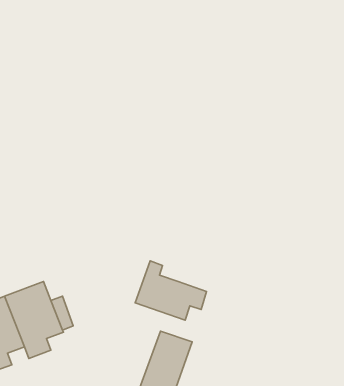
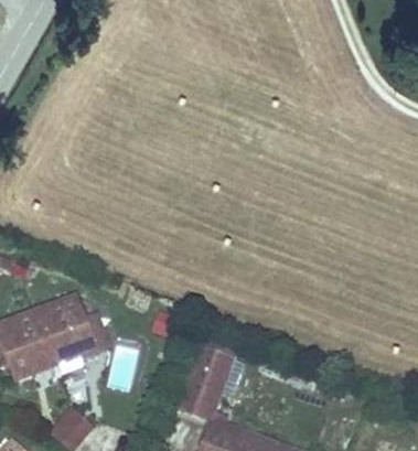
building: [135,261,206,320] -> none

